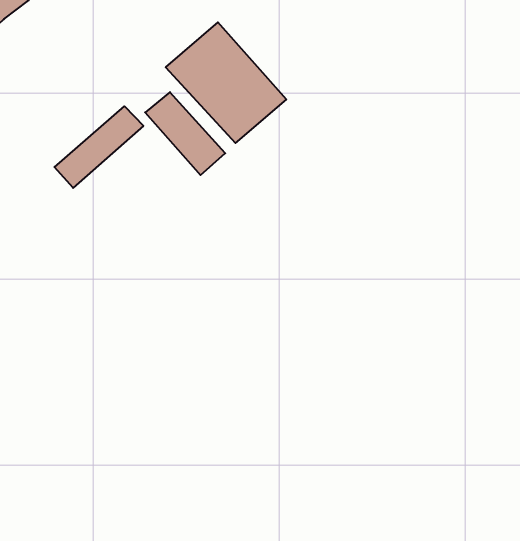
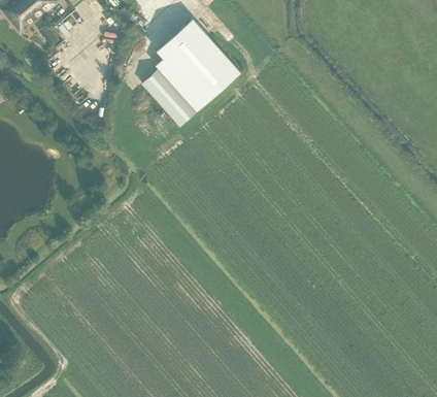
building: [54,106,143,188] -> none

